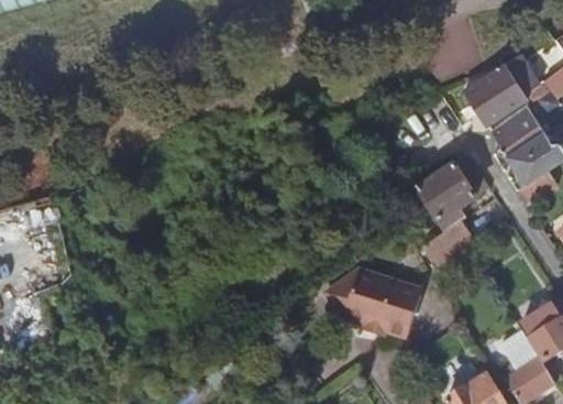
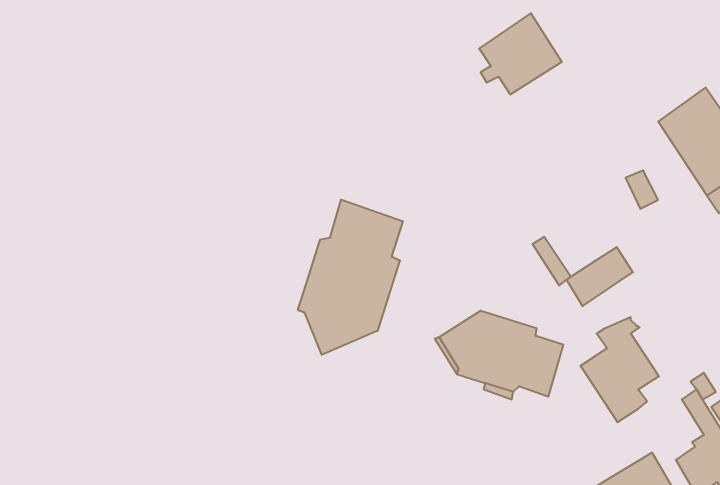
building: [466,63,528,123] -> [479,13,562,94]
building: [418,154,476,232] -> [580,317,659,422]
building: none -> [298,200,403,355]

